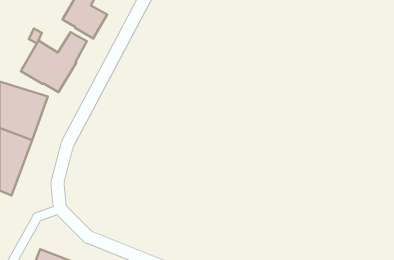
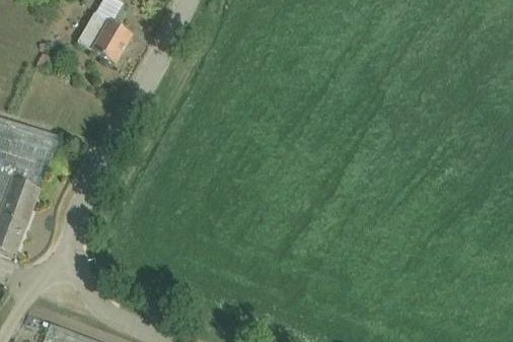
building: [21,32,87,92] -> none

